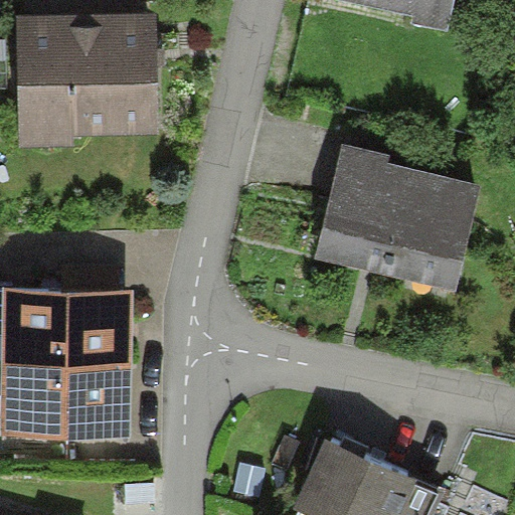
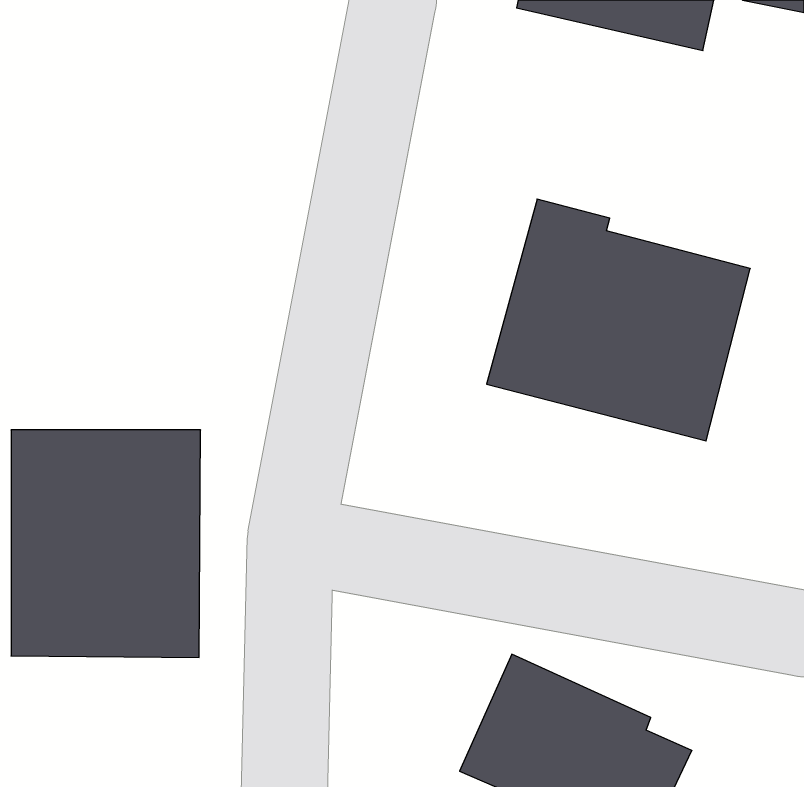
building: [14,36,167,156] -> none

